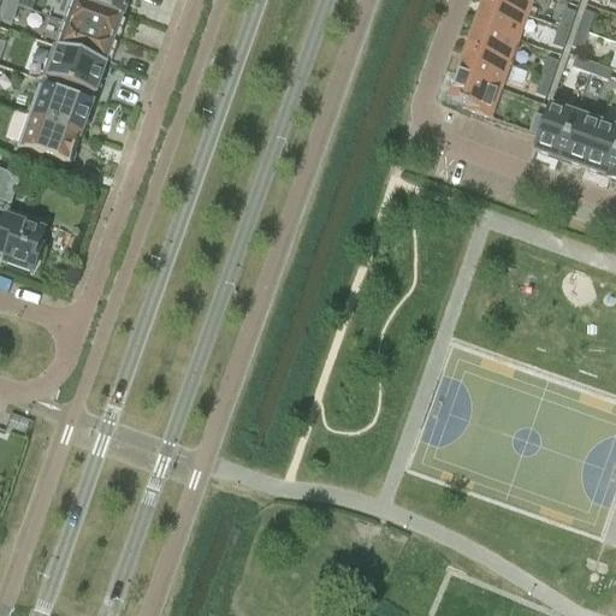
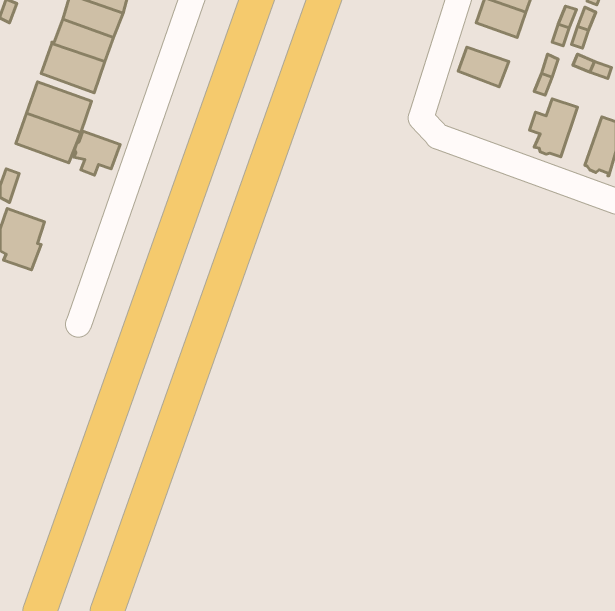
building: [467,23,517,61] -> none
building: [450,71,499,116] -> none
building: [561,107,602,165] -> none
building: none -> [74,131,120,175]

